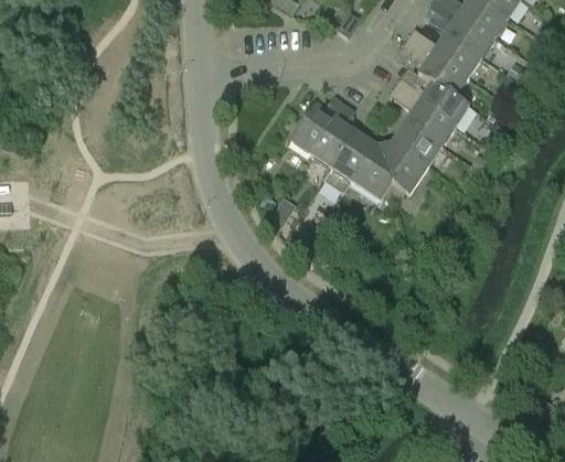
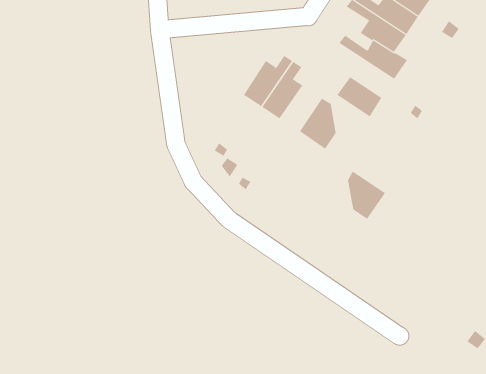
building: [390,84,456,143] -> none
building: [324,130,376,190] -> none
building: [387,140,429,193] -> [347,171,386,220]

